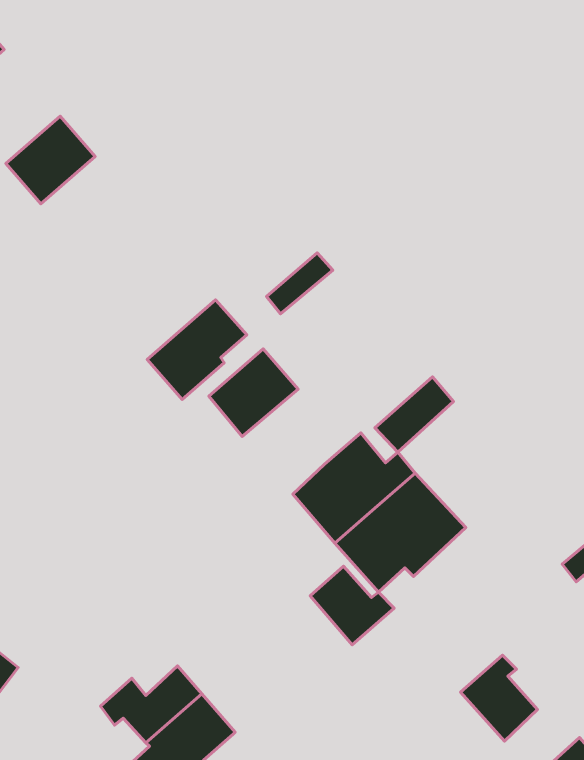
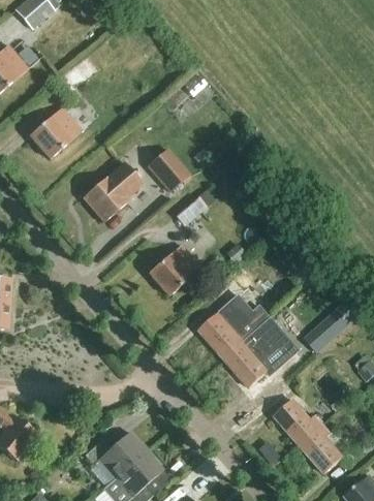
building: none -> [148,148,190,191]
building: [147,300,247,400] -> [83,162,142,221]
building: [375,377,454,452] -> [303,310,349,354]
building: [310,566,394,645] -> [273,400,322,446]

